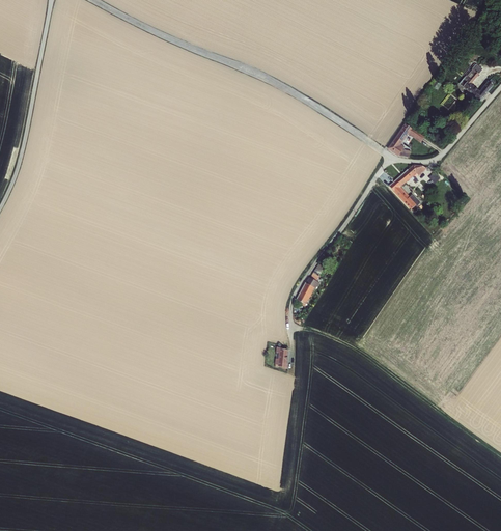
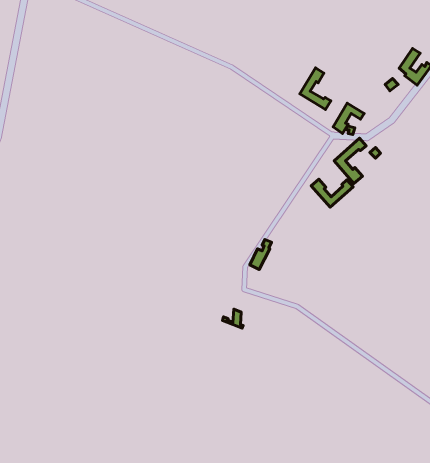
building: none -> [300,68,331,109]
building: none -> [311,179,353,207]

